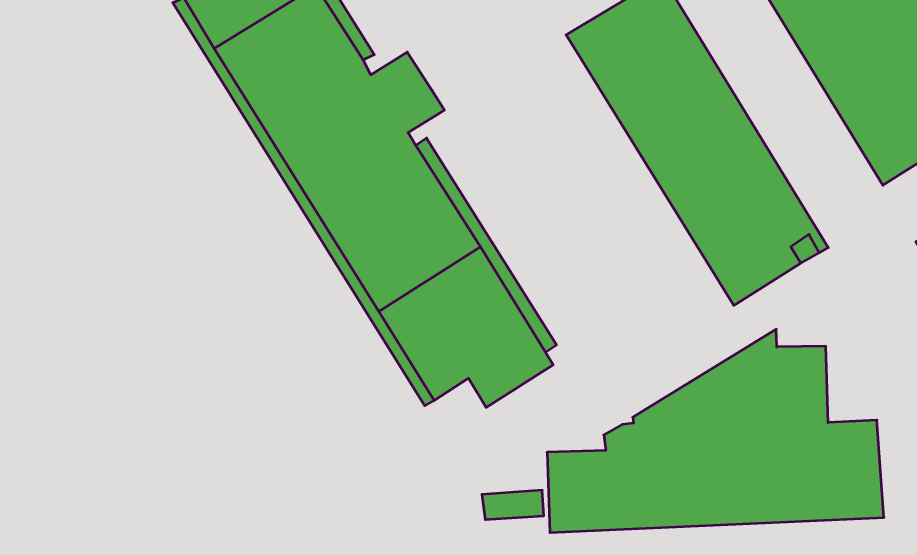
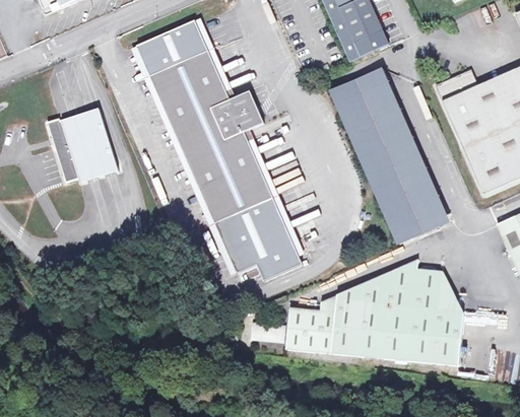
building: none -> [46,108,118,183]
building: none -> [438,271,463,312]

